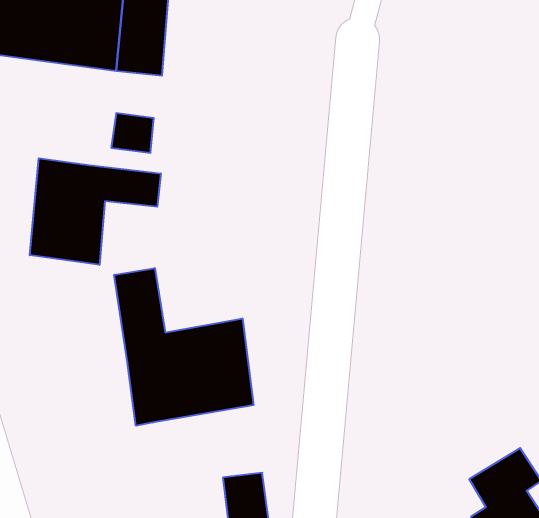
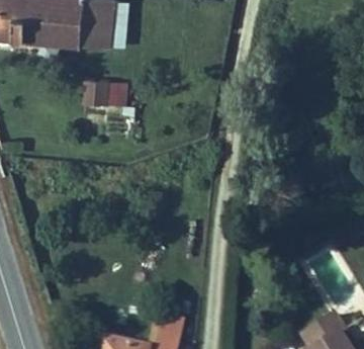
building: [30,158,161,265] -> none
building: [114,268,254,426] -> none

